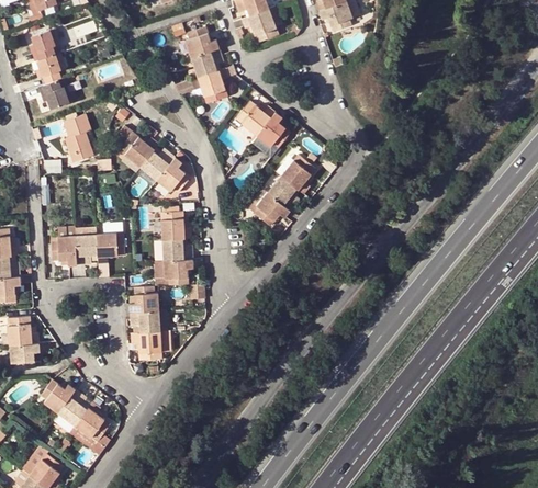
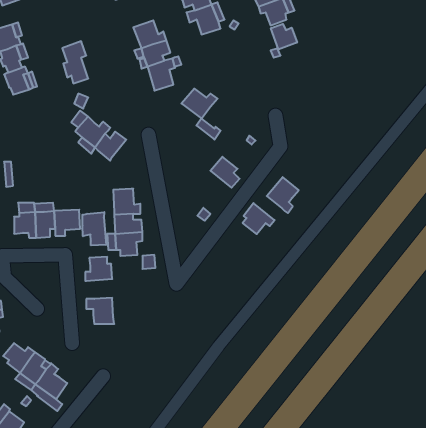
building: none -> [271,24,297,50]
building: [257,112,290,147] -> none
building: [64,114,92,160] -> [62,41,88,83]
building: [280,155,315,194] -> [267,177,299,213]
building: [157,157,189,192] -> none
building: [255,191,290,225] -> [243,203,275,234]
building: none -> [82,212,106,245]
building: [130,309,159,331] -> none

